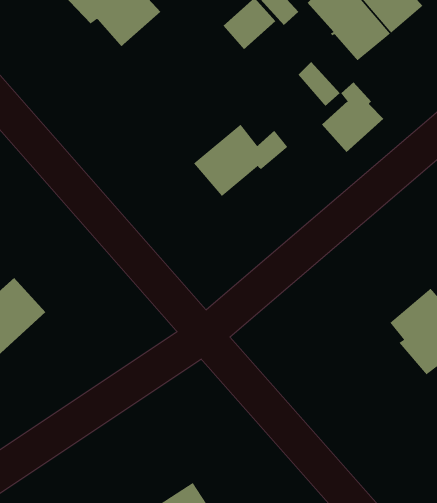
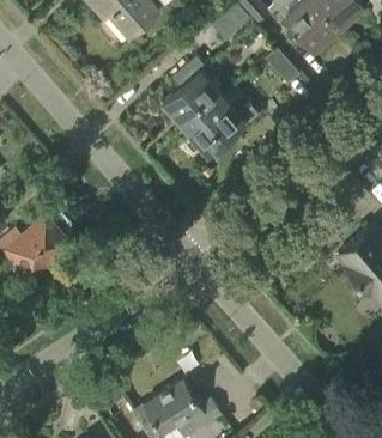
building: none -> [163,60,222,130]
building: [321,81,384,153] -> none

